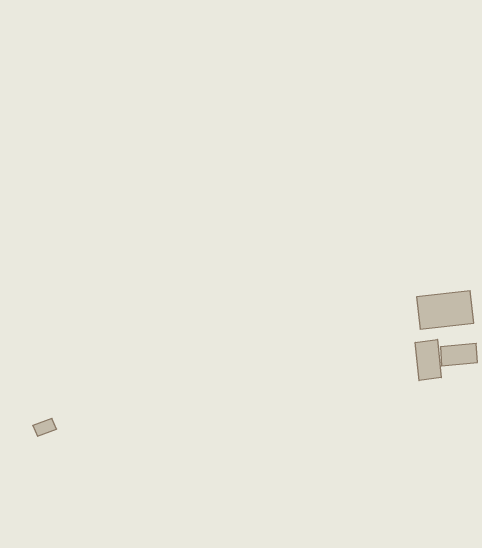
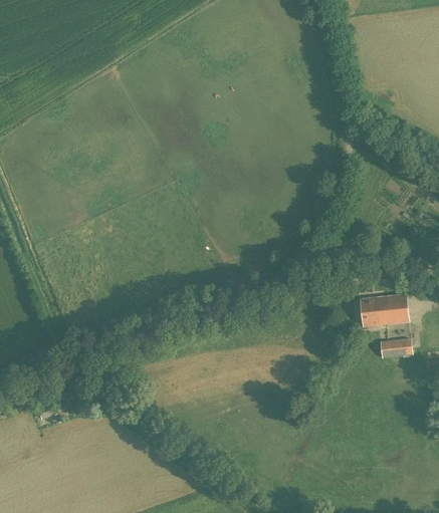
building: [415,339,441,381] -> none

